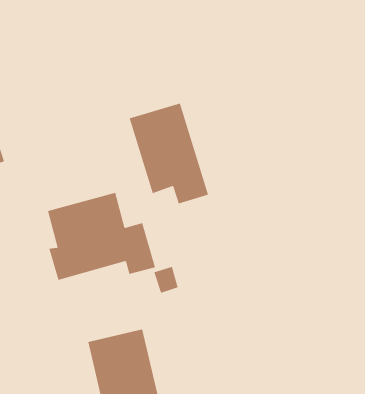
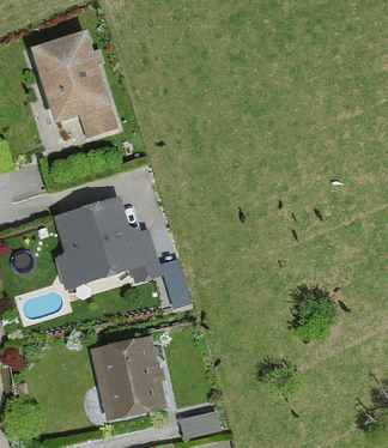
building: [129,103,209,204] -> [34,30,115,133]

